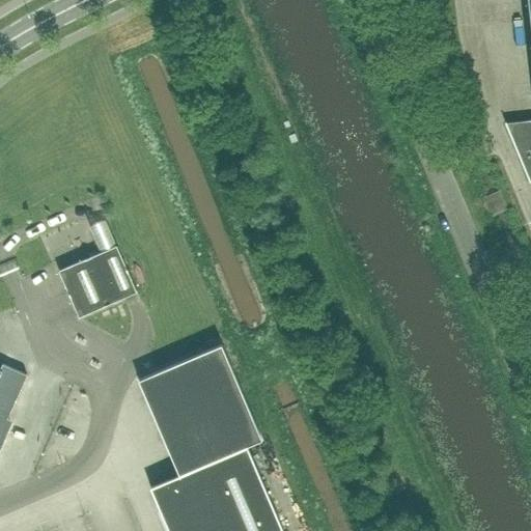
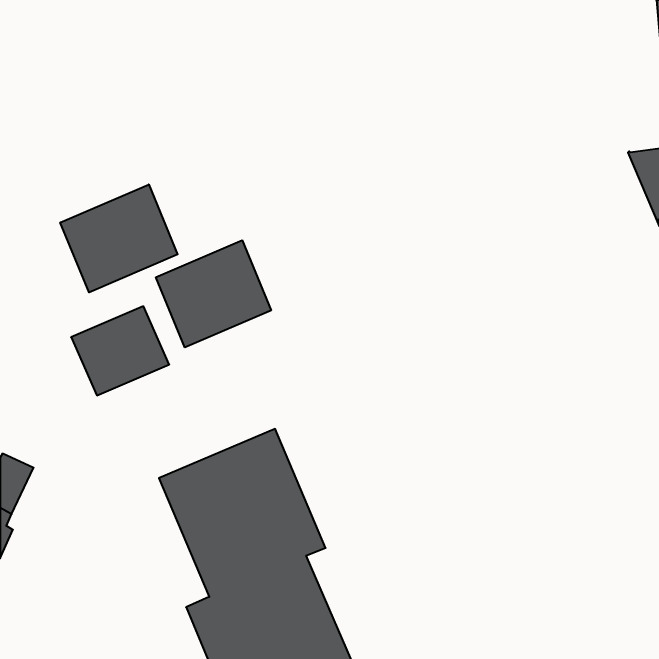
building: none -> [60,184,178,292]
building: none -> [156,240,271,347]

